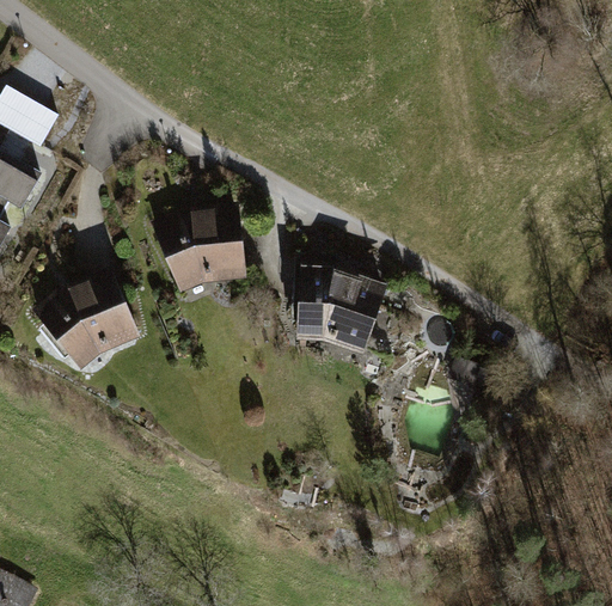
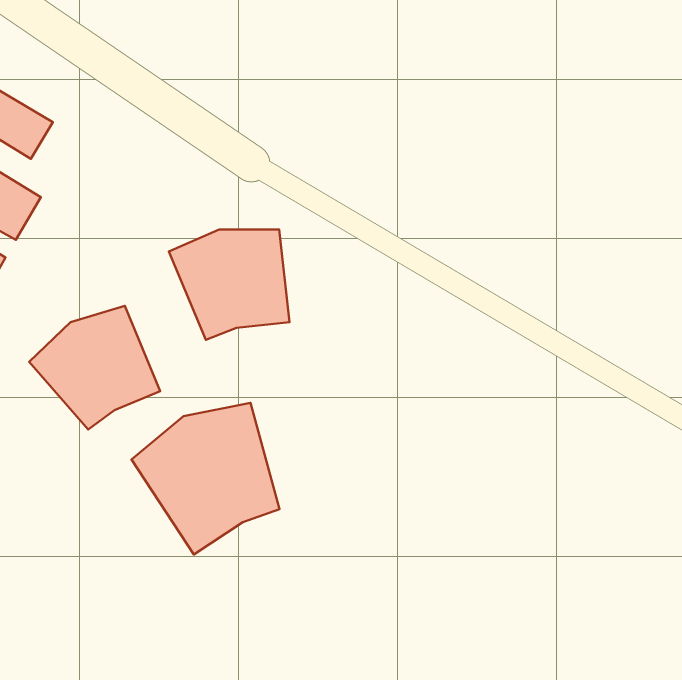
building: [296,263,386,355] -> none
building: none -> [131,403,280,555]

